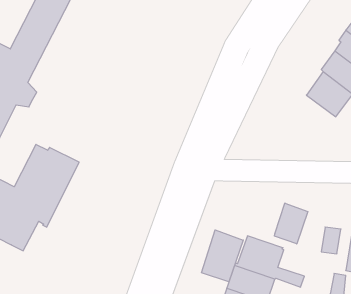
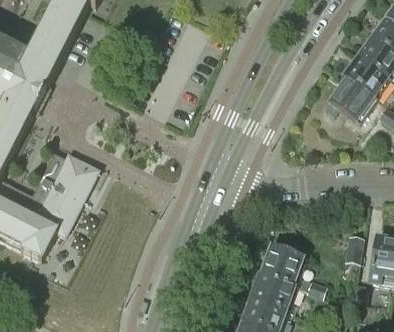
building: [274,203,308,244] -> none
building: [201,230,243,282] -> none

